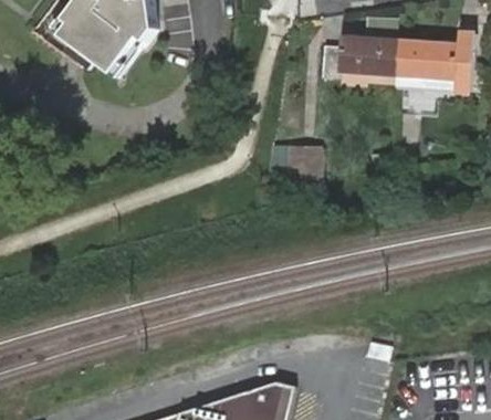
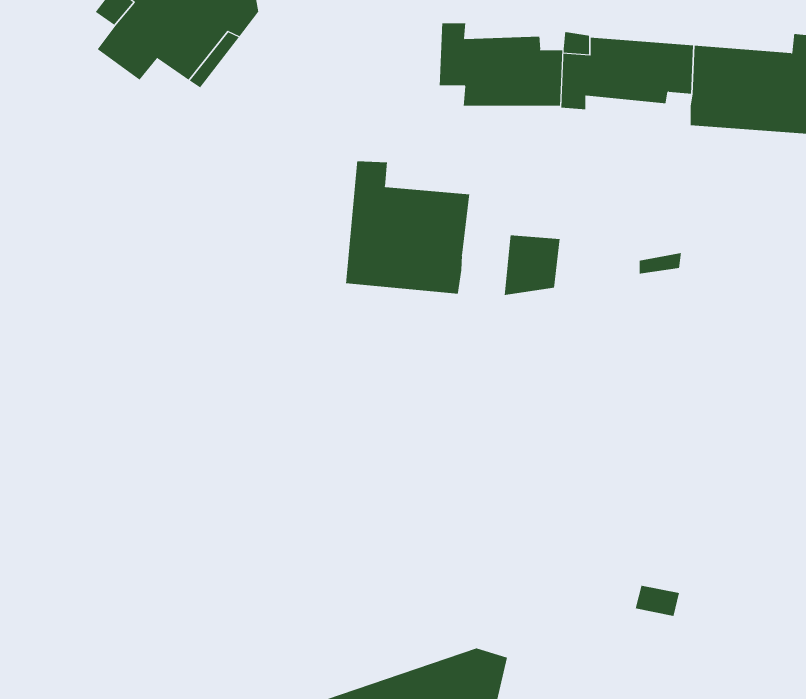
building: none -> [439,23,563,107]
building: none -> [345,160,470,295]

